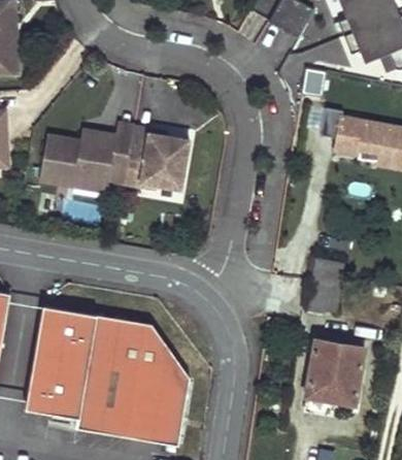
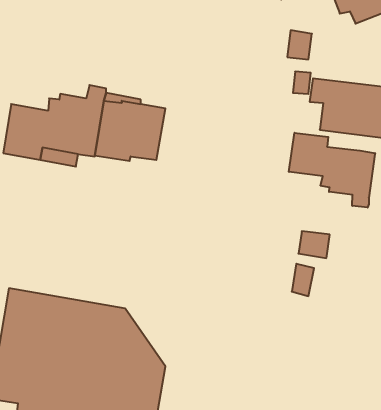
building: none -> [289,133,375,208]
building: [304,338,362,402] -> none

